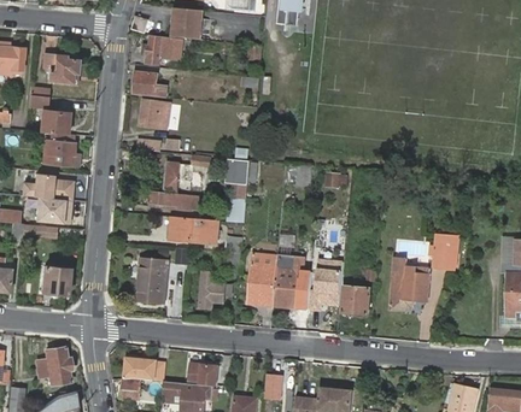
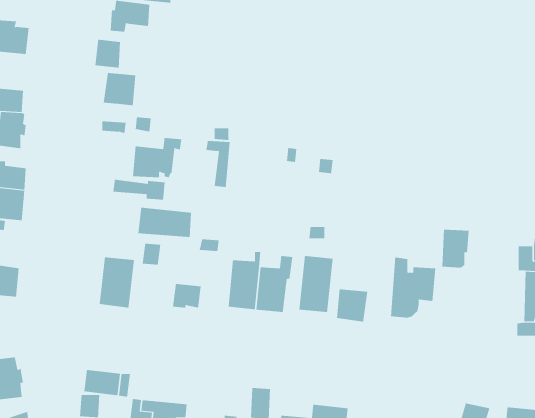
building: [187,364,218,387] -> none

